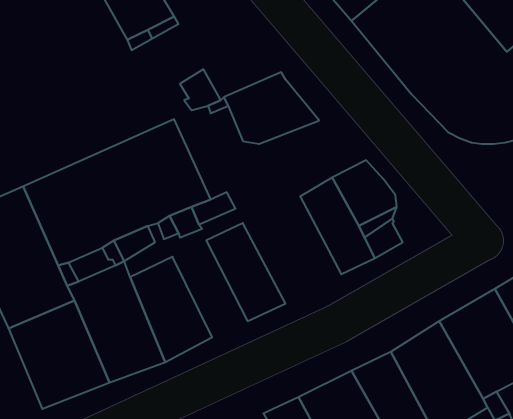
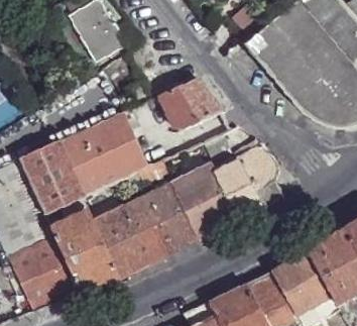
building: none -> [170,164,238,237]
building: none -> [122,194,173,260]

